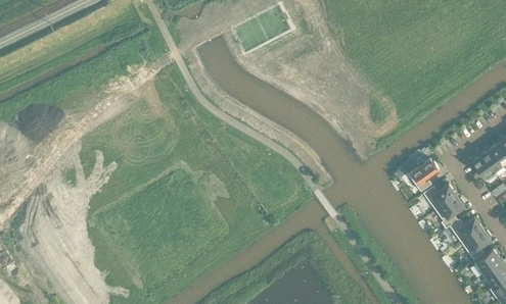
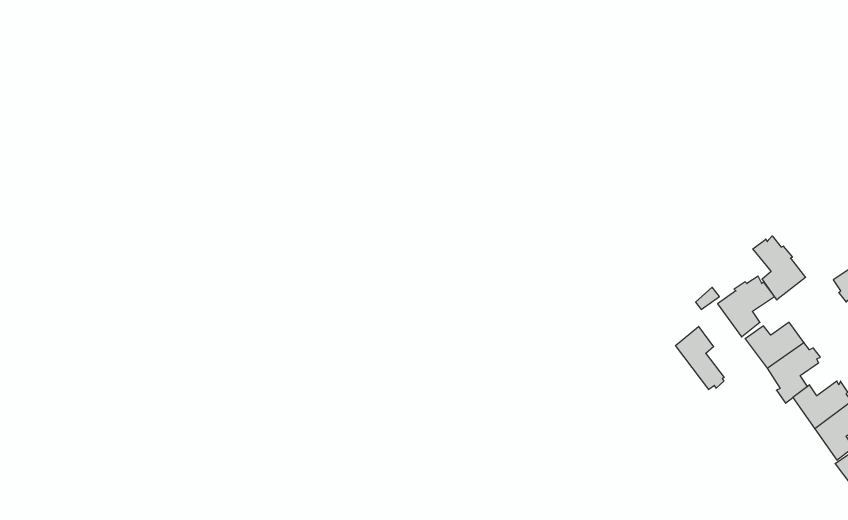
building: none -> [753,236,806,300]
building: none -> [676,326,724,390]

